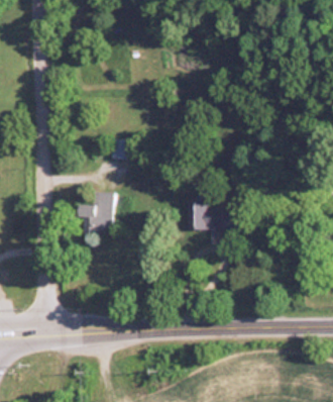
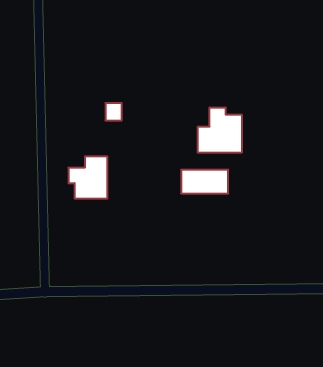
building: none -> [198,107,242,153]

